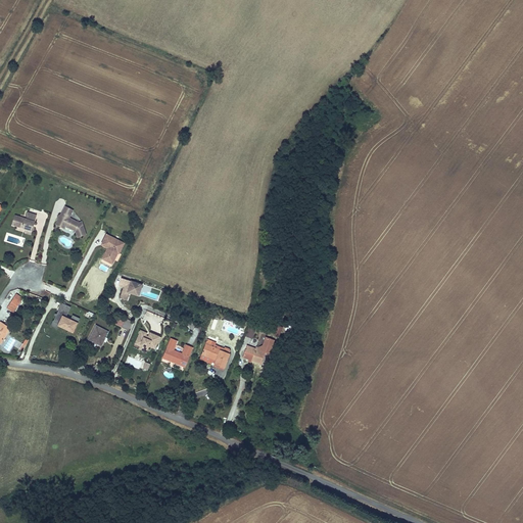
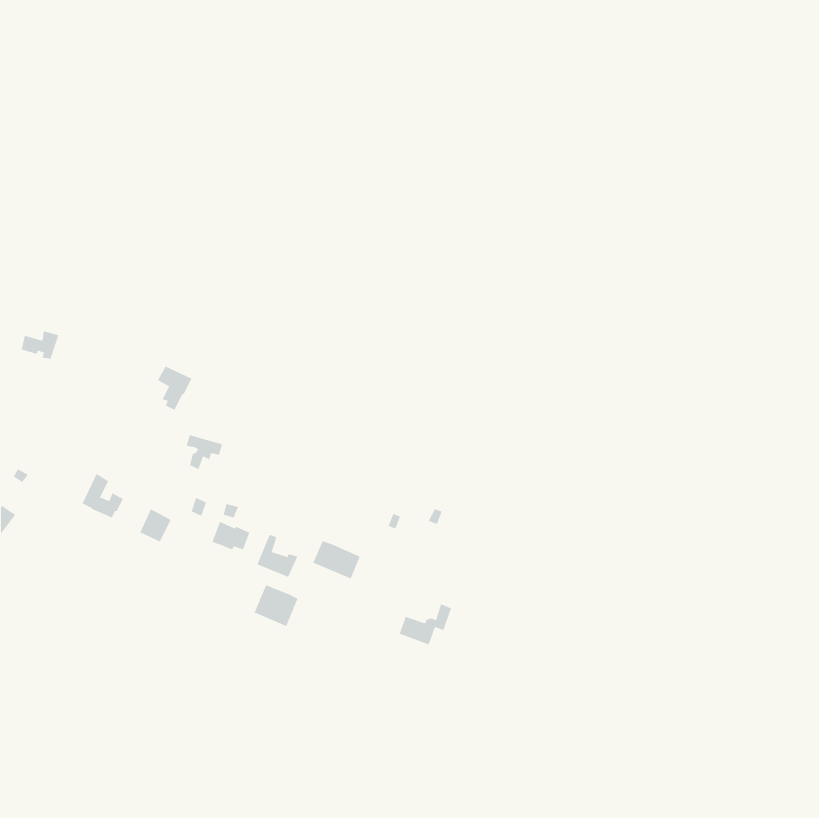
building: [56,205,86,236] -> none
building: [243,336,277,363] -> [399,603,452,645]
building: none -> [254,584,298,627]

